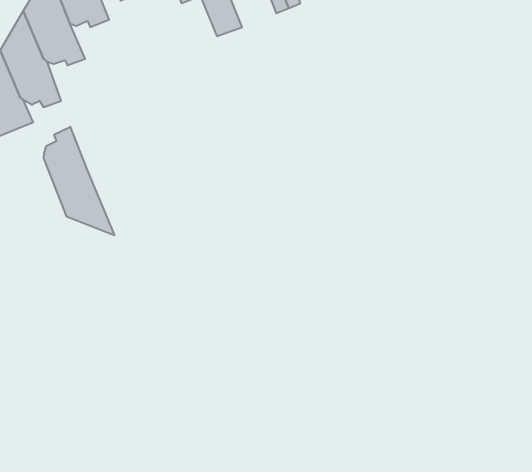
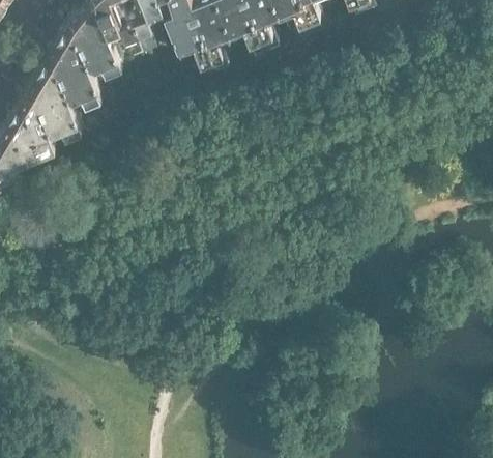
building: [44,127,114,235] -> none

